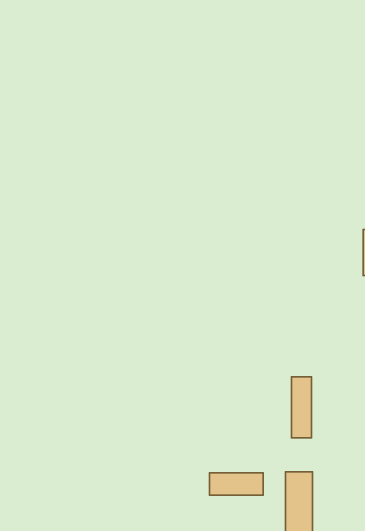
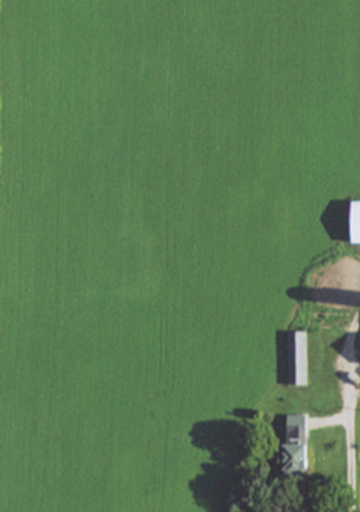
building: [209,473,263,495] -> none

